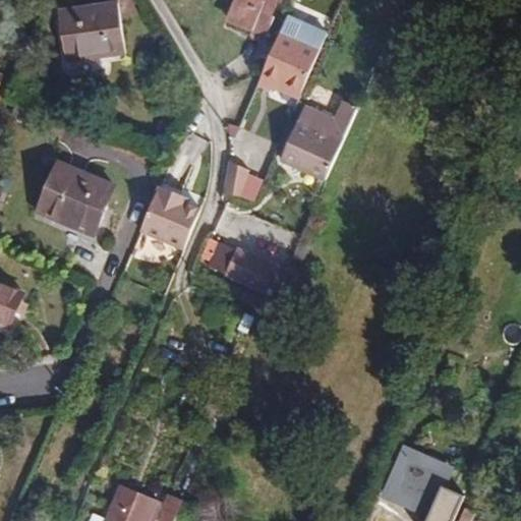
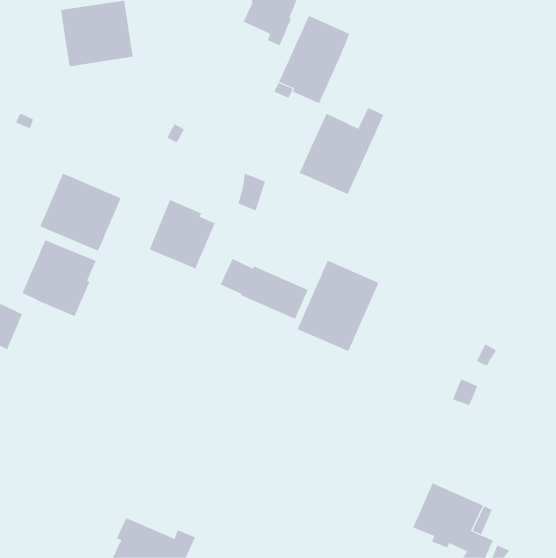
building: none -> [22,239,97,317]
building: none -> [297,260,379,352]

